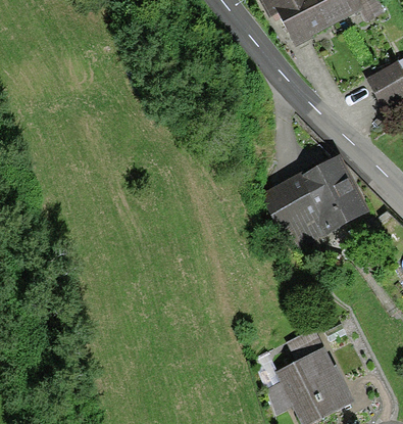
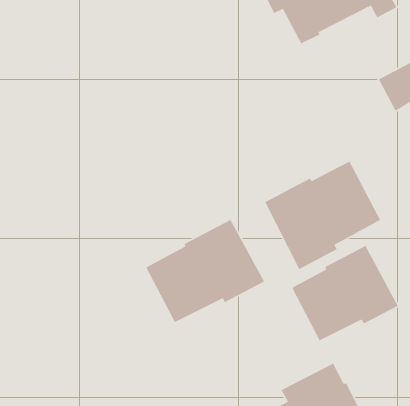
building: none -> [145,219,265,323]
building: none -> [291,245,399,342]

